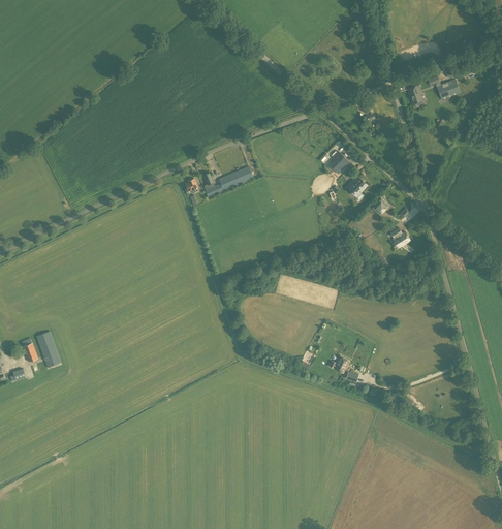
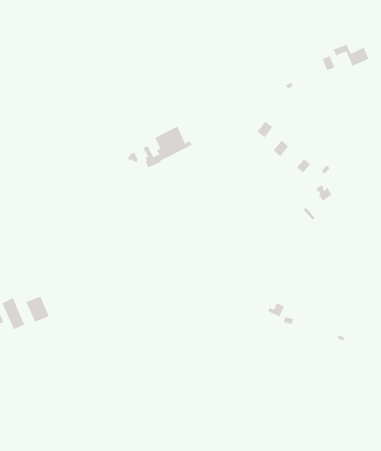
building: none -> [25,296,50,323]

